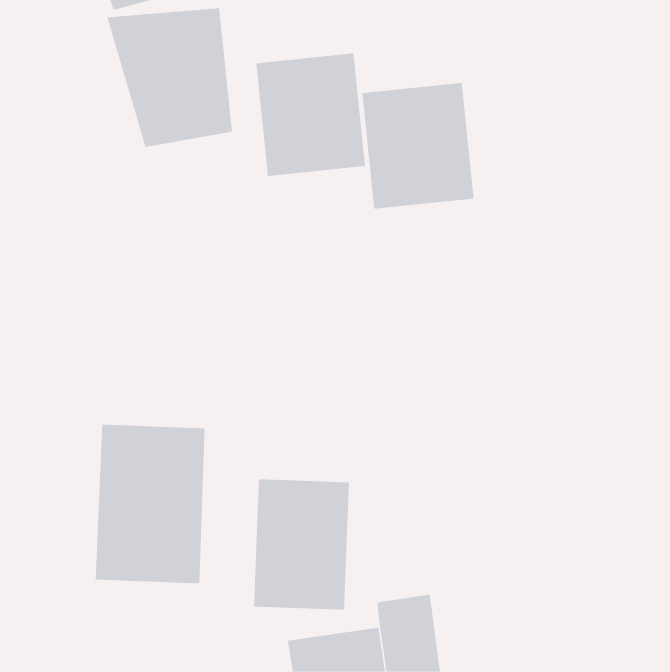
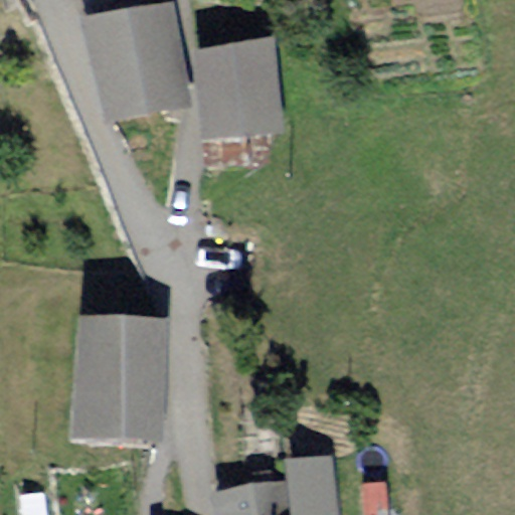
building: [362,82,474,209] -> none
building: [253,479,349,611] -> none

